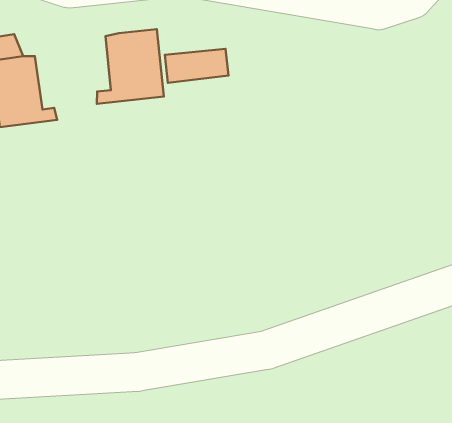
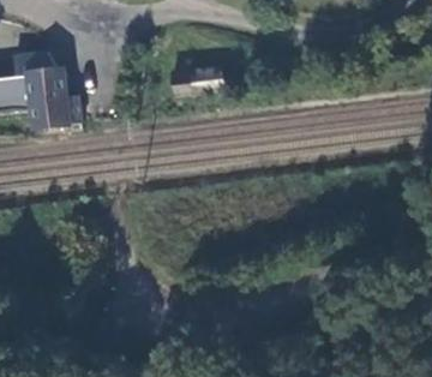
building: [97,29,164,104] -> none

